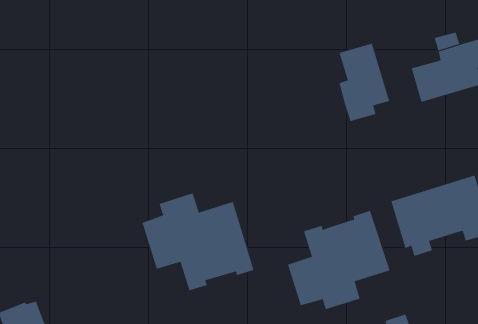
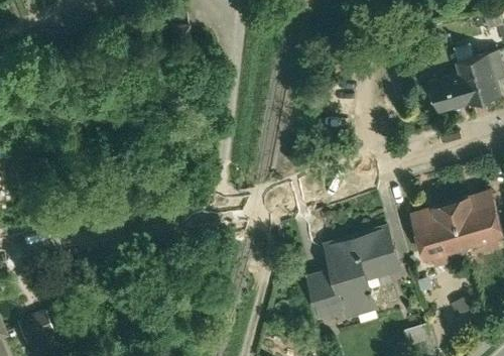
building: [339,43,390,122] -> none
building: [142,193,254,291] -> none

